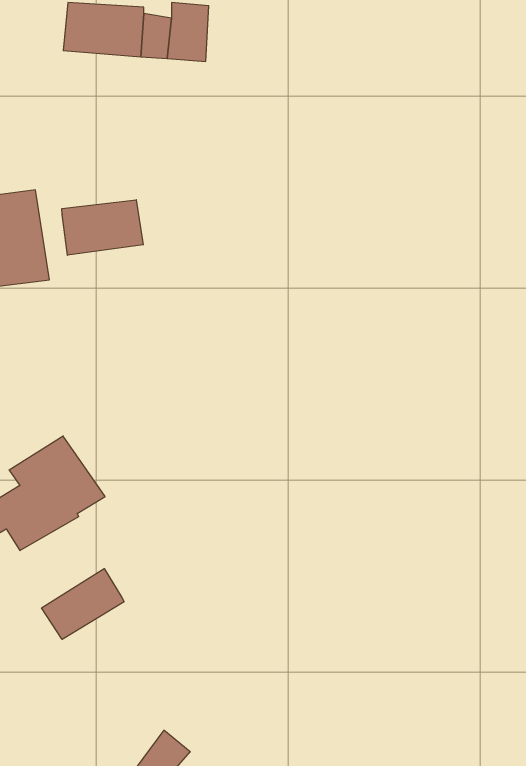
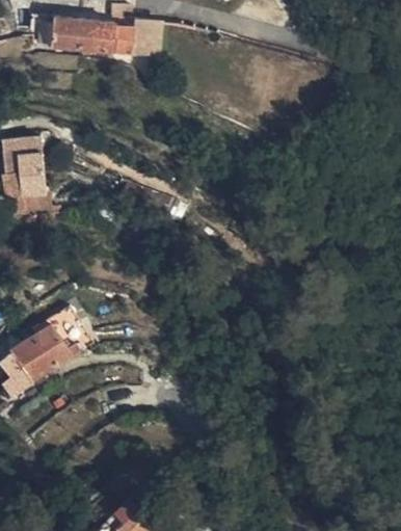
building: [62,200,143,255] -> none
building: [42,569,124,639] -> none

